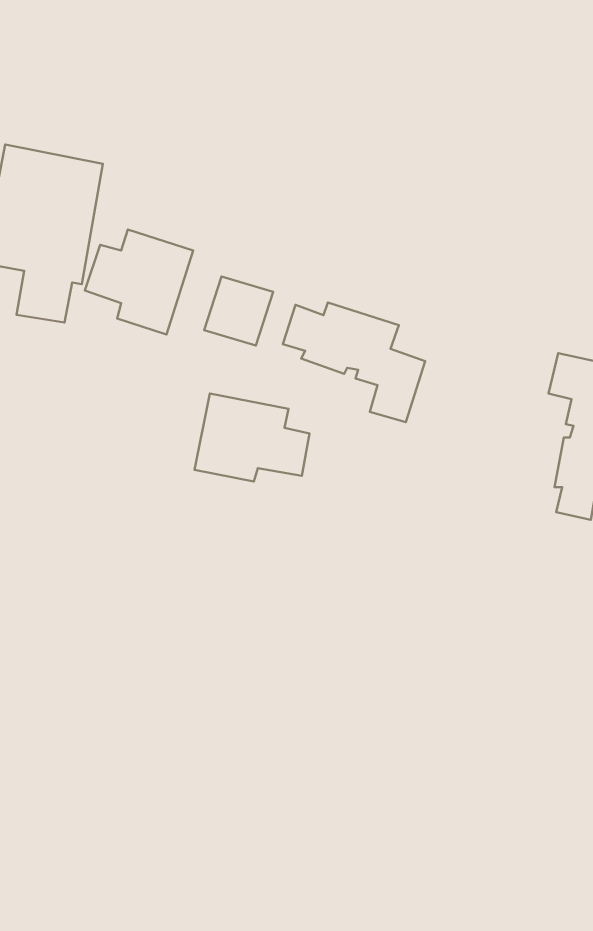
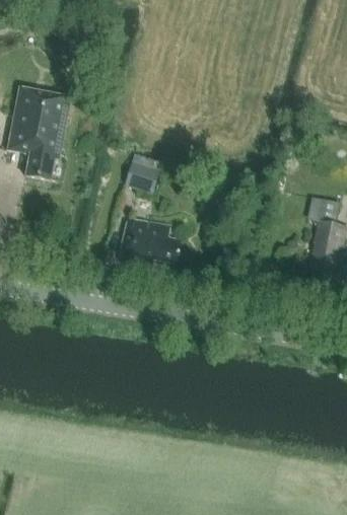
building: [85,230,193,334] -> none
building: [283,302,425,422] -> none

